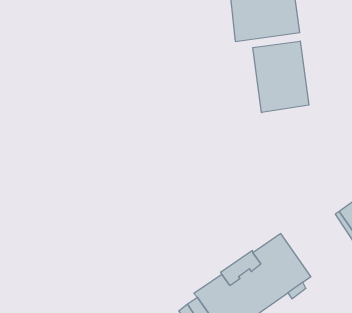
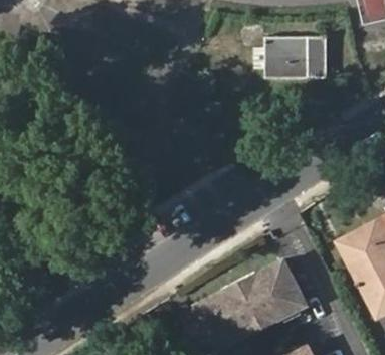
building: [253,41,309,113] -> none

